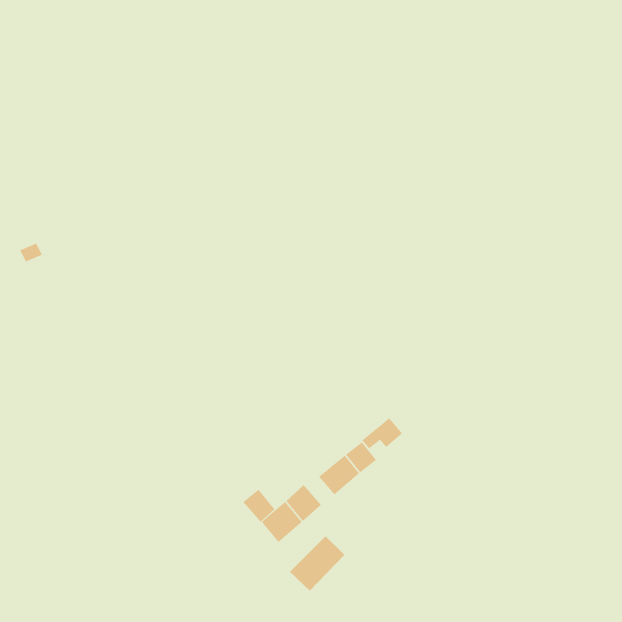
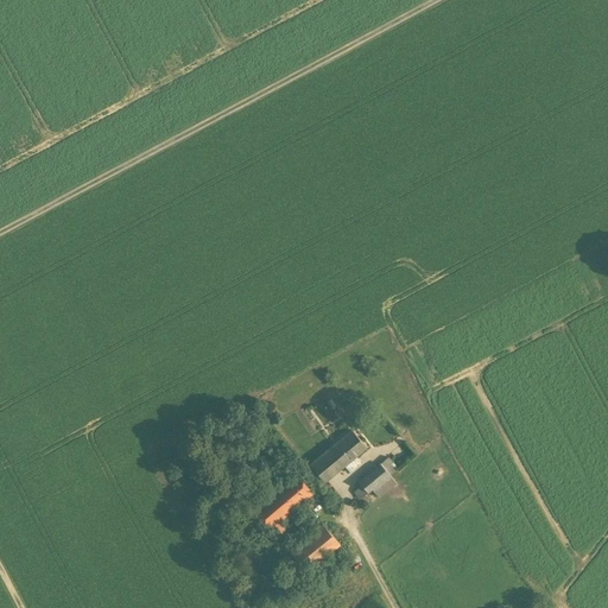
building: [361,417,403,449] -> [354,469,394,500]
building: [243,489,275,523] -> none

